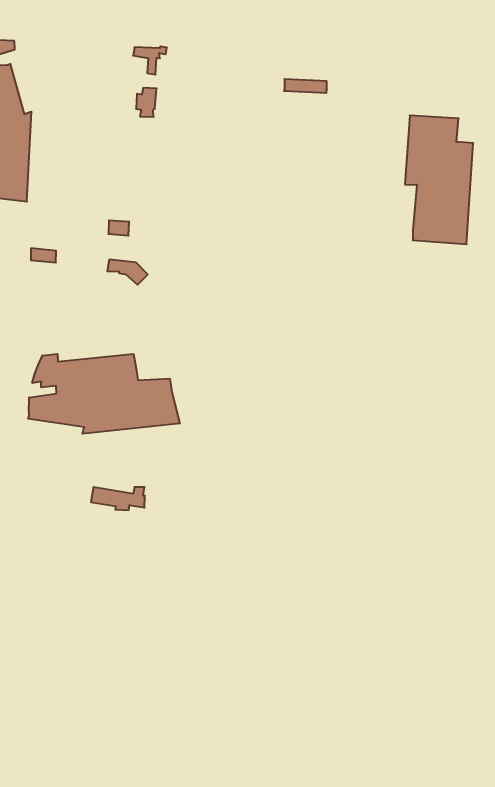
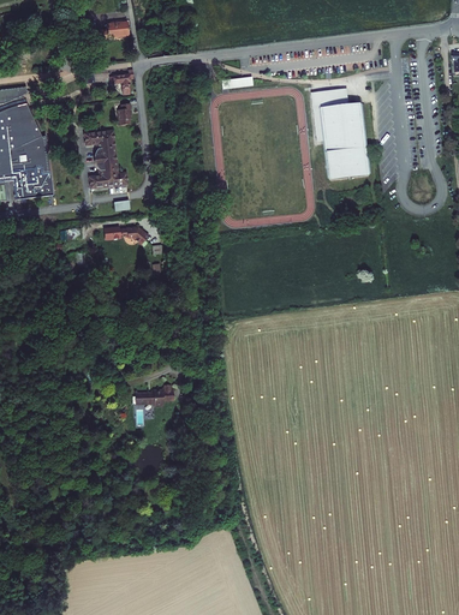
building: none -> [84,130,126,186]
building: [28,354,180,434] -> none

